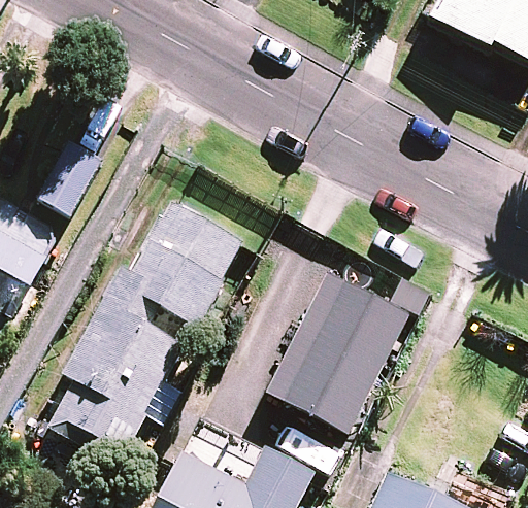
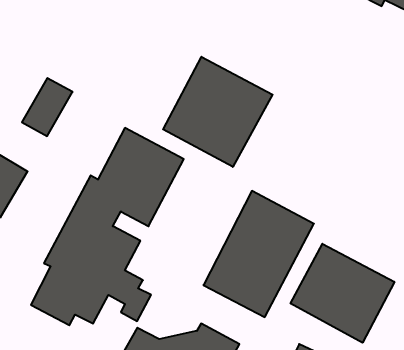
building: none -> [163,57,273,167]
building: none -> [291,244,394,343]

